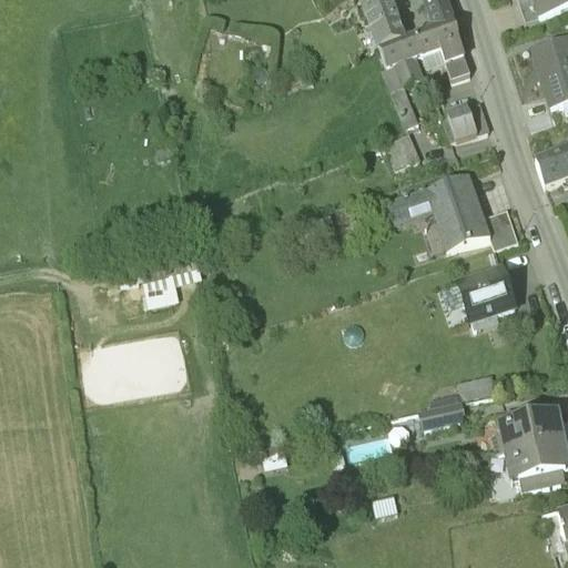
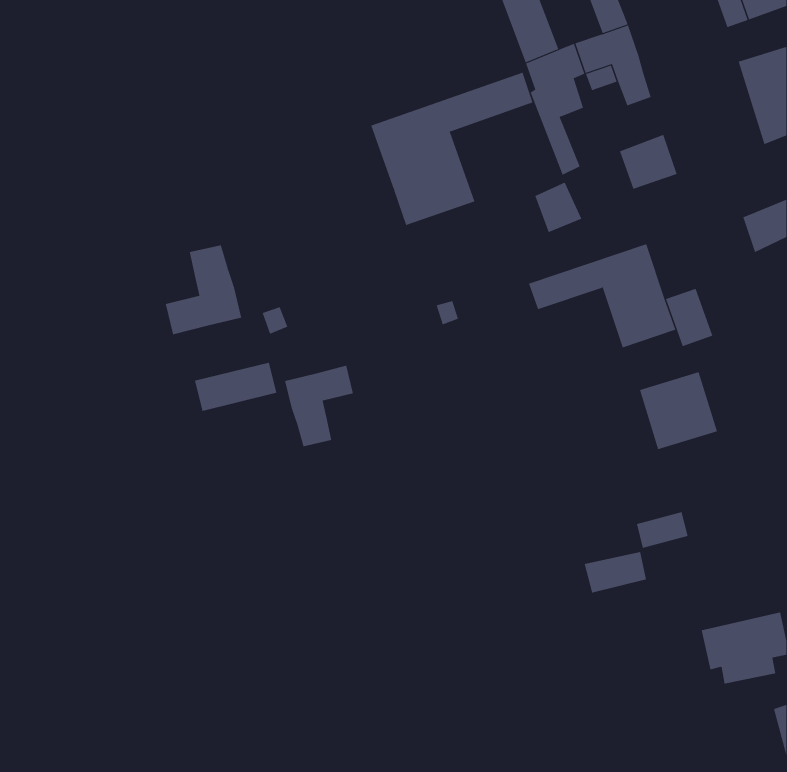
building: none -> [371,72,533,226]
building: none -> [165,244,242,335]
building: none -> [285,365,353,447]
building: [498,408,562,454] -> none

